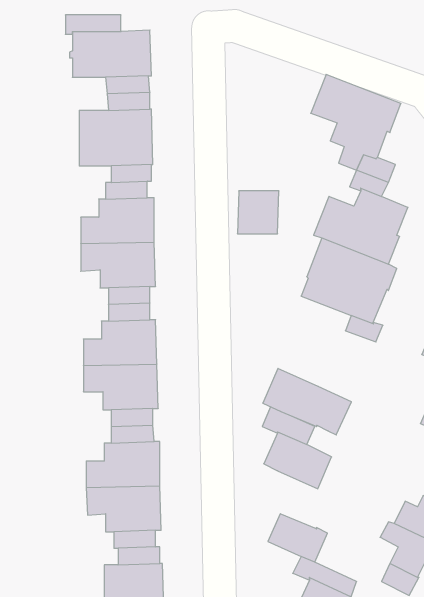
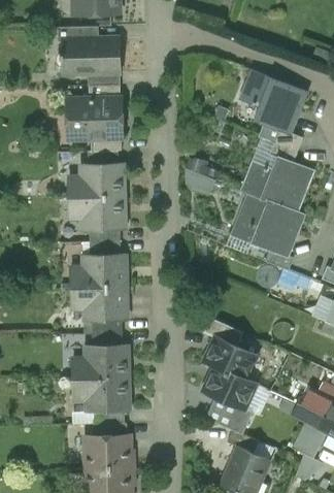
building: [263,368,351,435] -> [203,365,269,415]

